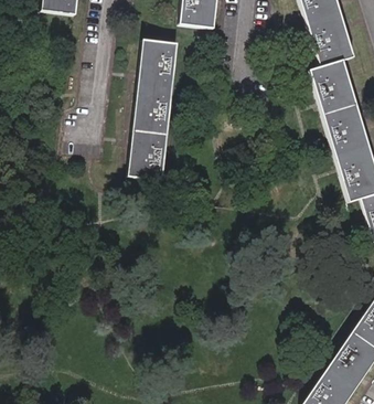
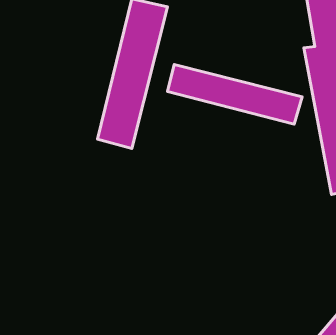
building: none -> [168,64,302,124]

